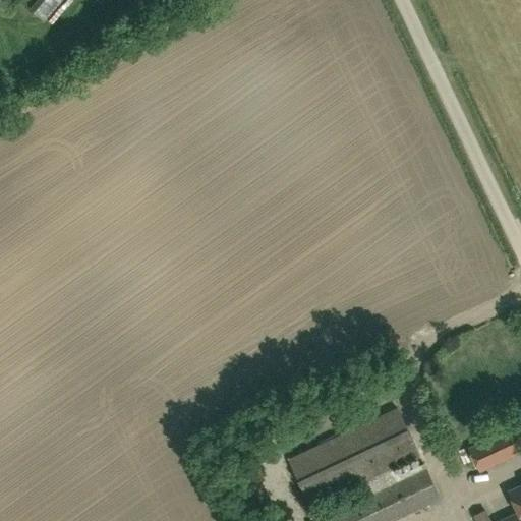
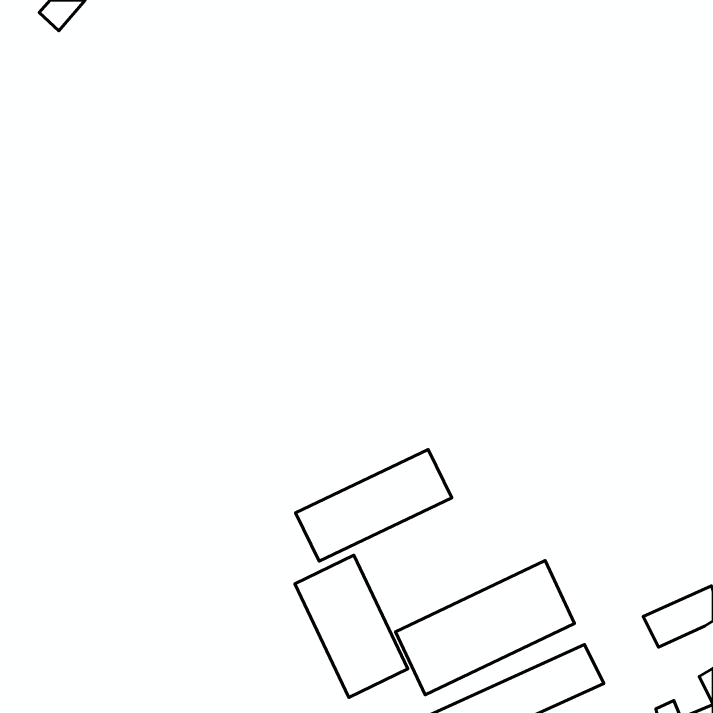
building: none -> [296,450,452,561]
building: none -> [295,555,408,698]

